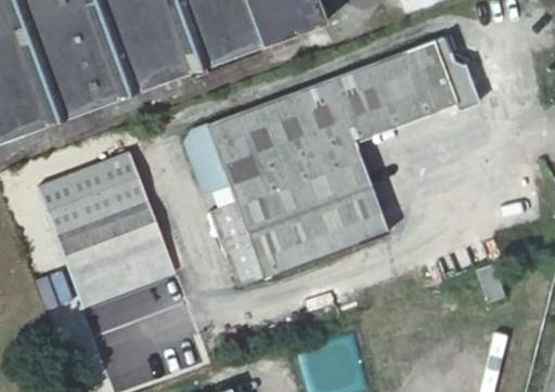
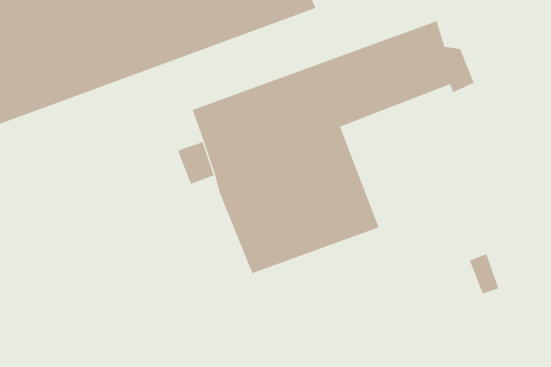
building: [40,149,178,308] -> none
building: [211,201,264,289] -> none

